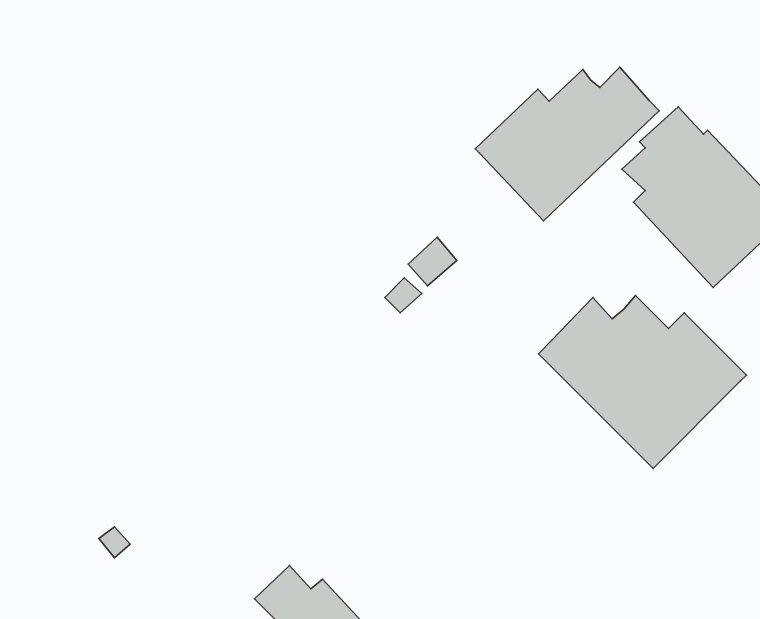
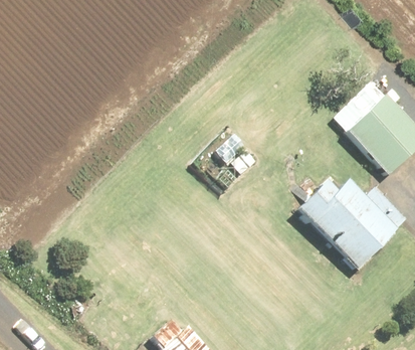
building: [475,67,659,221] -> none

